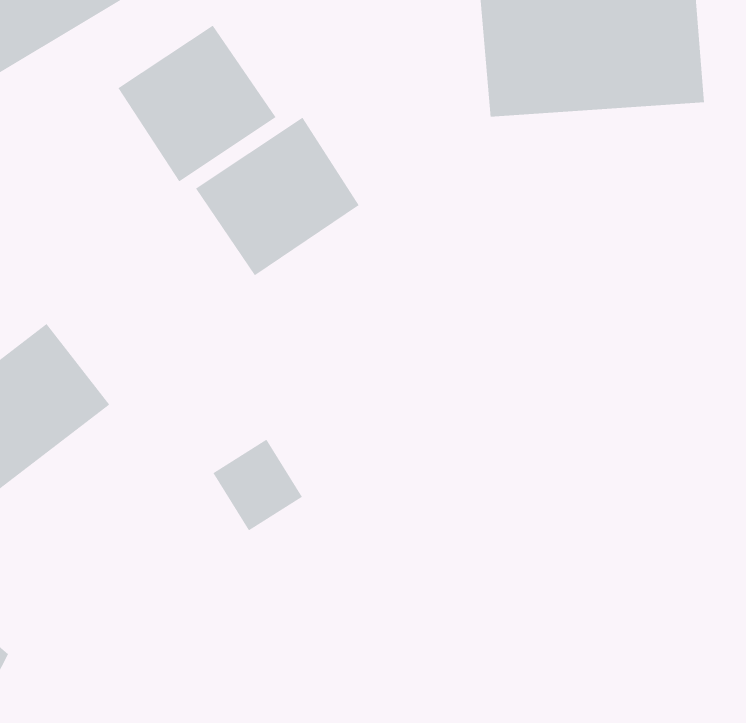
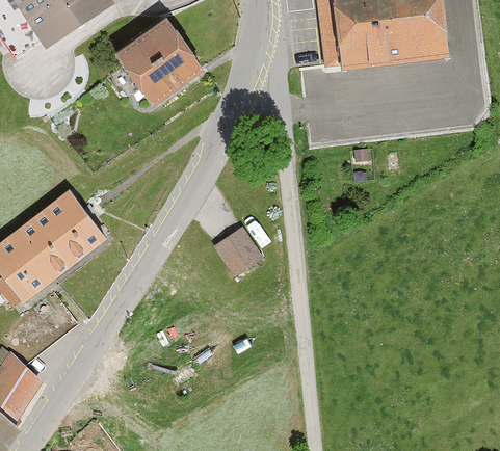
building: [195,117,360,276] -> none
building: [212,439,303,531] -> [211,223,263,276]

